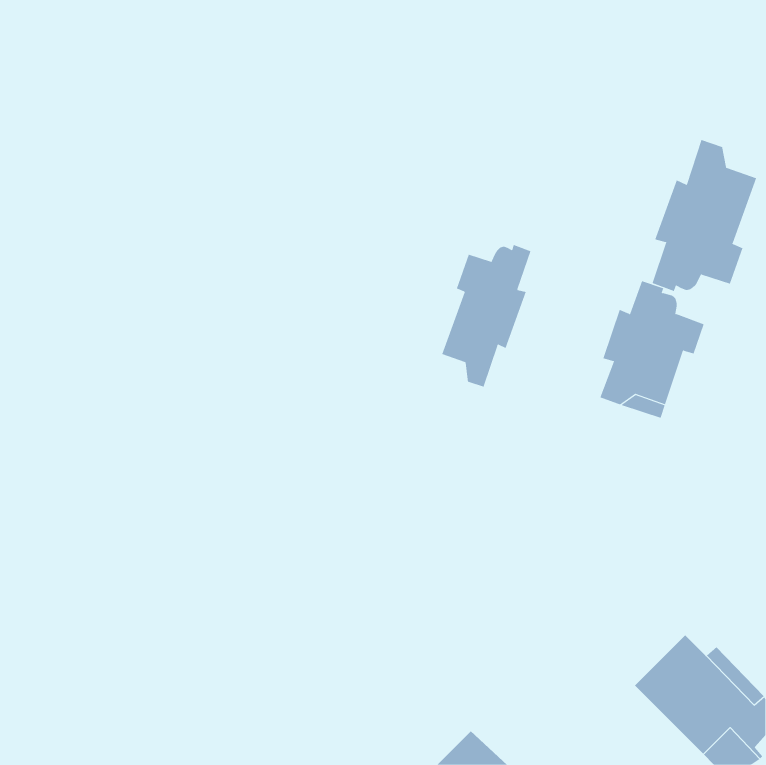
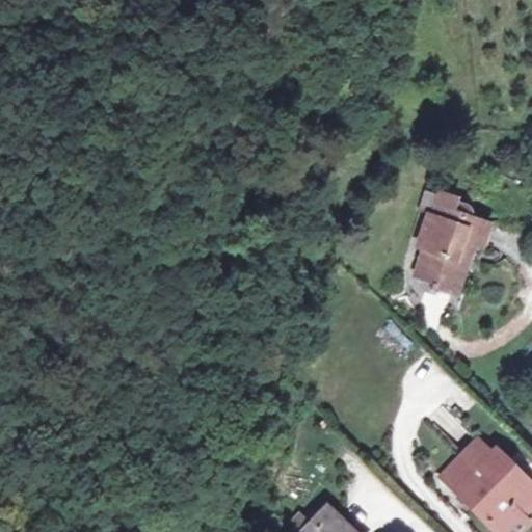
building: [652,139,757,292] -> none
building: [442,244,531,388] -> none

